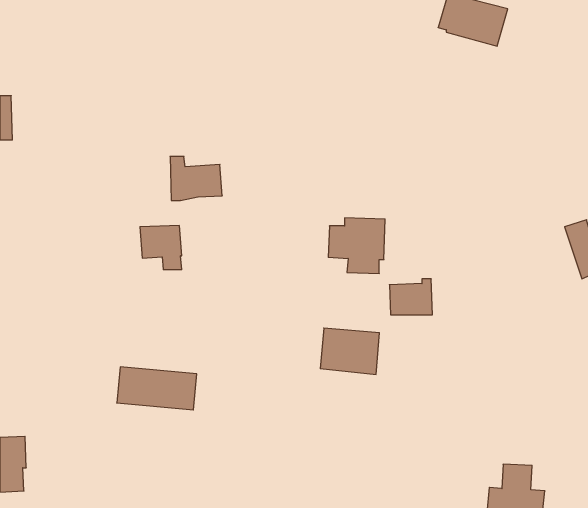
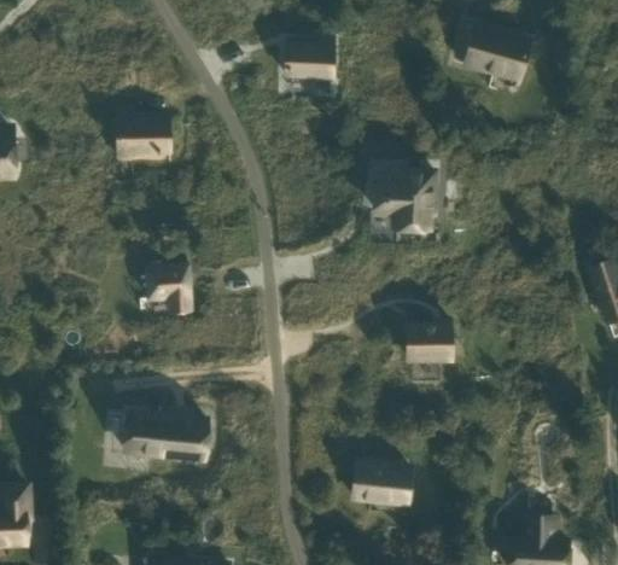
building: none -> [286,40,334,80]
building: [170,156,222,200] -> [117,111,171,157]
building: [328,218,385,273] -> [375,174,435,232]
building: [320,328,379,374] -> [351,462,413,511]

